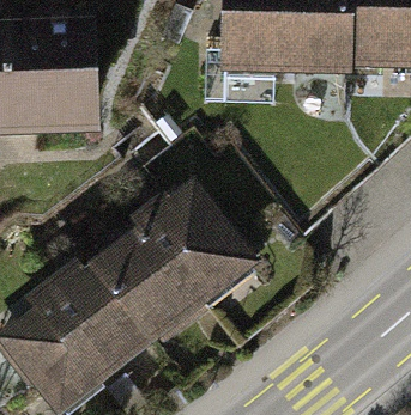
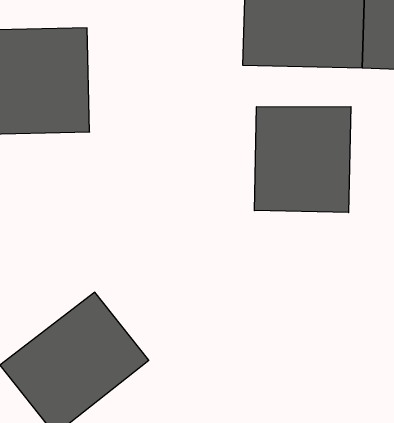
building: none -> [254,107,351,213]
building: [95,201,244,342] -> none

